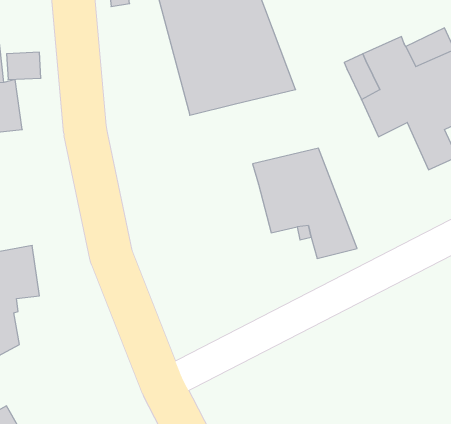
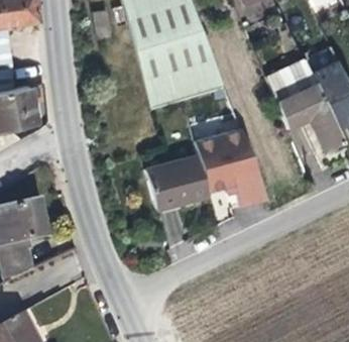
building: none -> [150,155,210,208]

